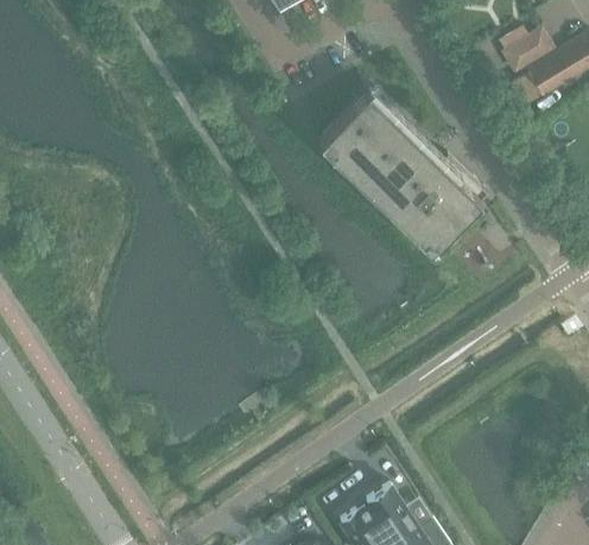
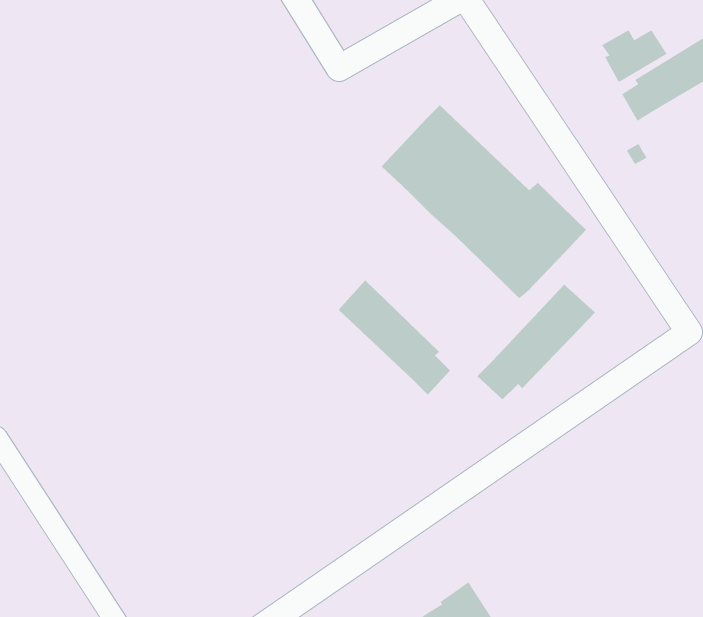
building: none -> [338,279,451,396]
building: none -> [476,284,596,400]

